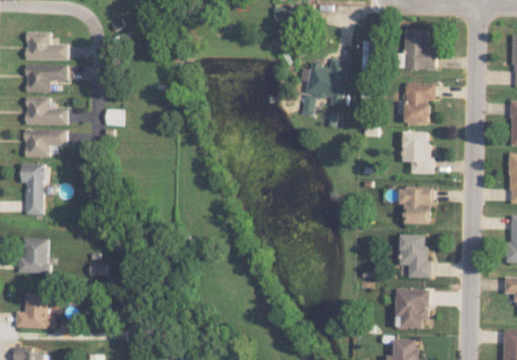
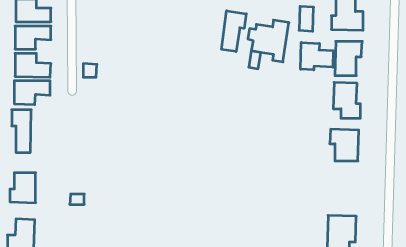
building: none -> [222,11,246,52]
building: none -> [301,42,333,70]
building: [399,234,430,277] -> none

